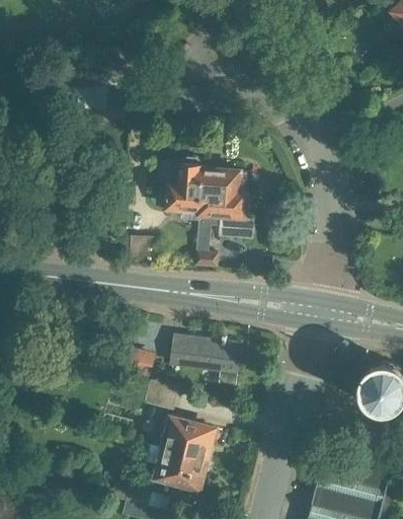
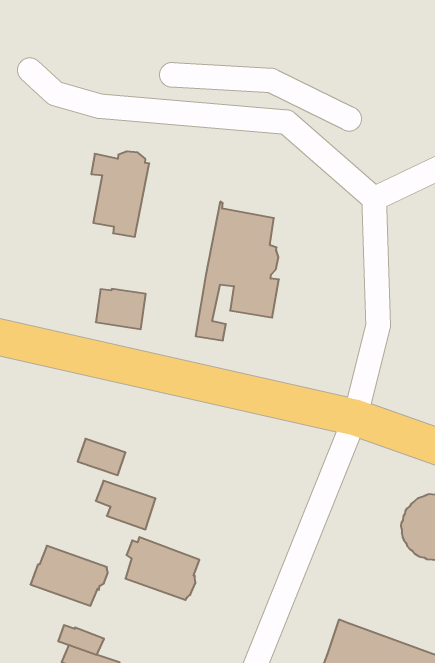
building: [162,157,204,219] -> [91,151,149,237]
building: [170,332,241,384] -> none
building: [153,447,209,488] -> [30,546,108,606]

